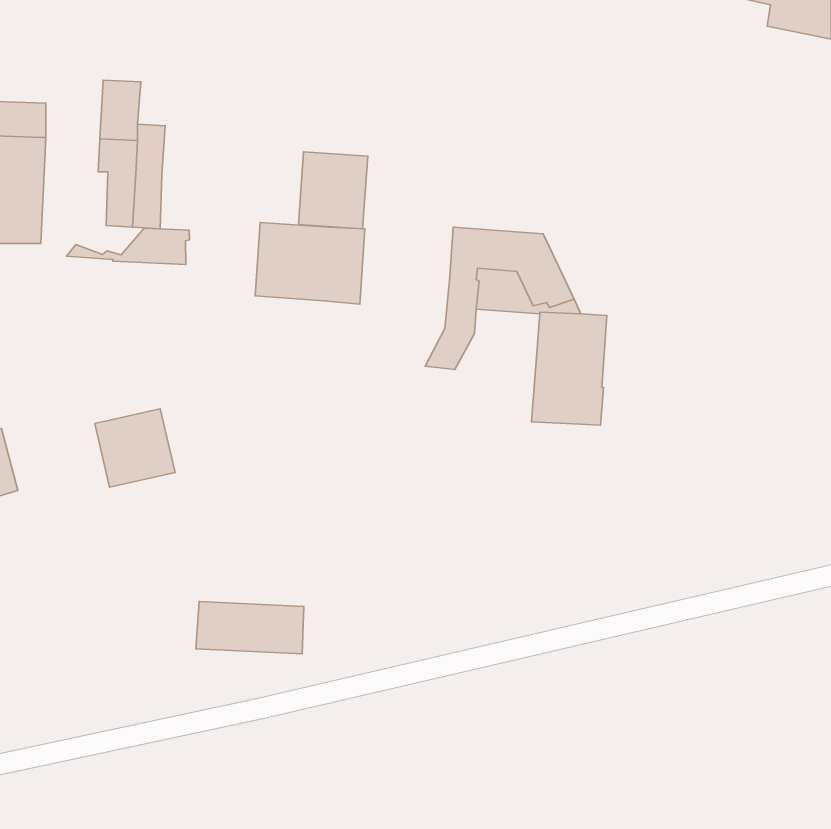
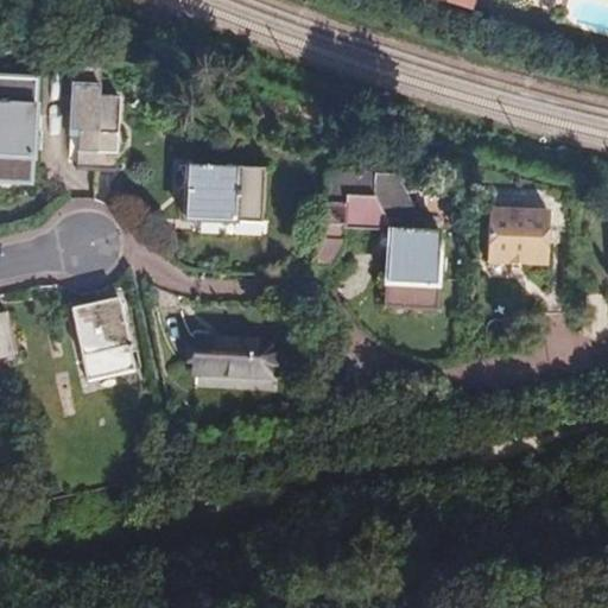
building: [299,152,368,229] -> none
building: [66,228,190,264] -> none
building: none -> [486,211,549,266]
building: none -> [80,343,133,379]
building: [196,602,304,654] -> [198,335,277,373]

